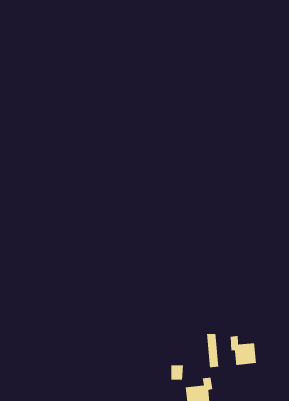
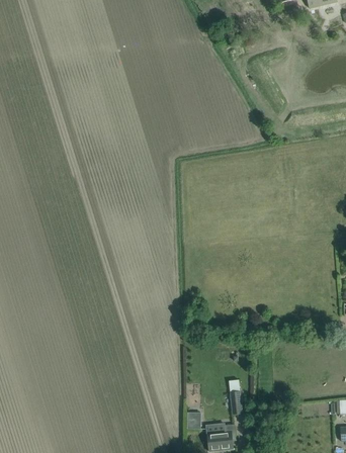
building: [230,335,256,366] -> none

